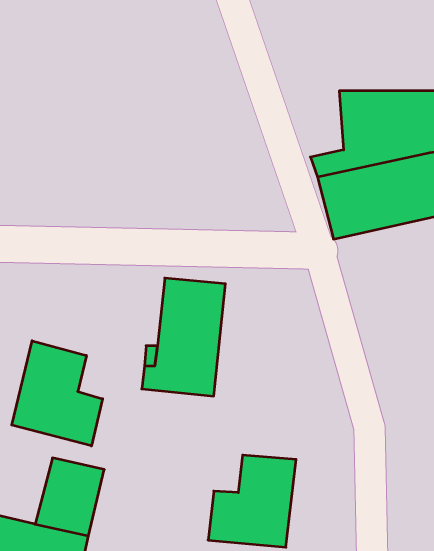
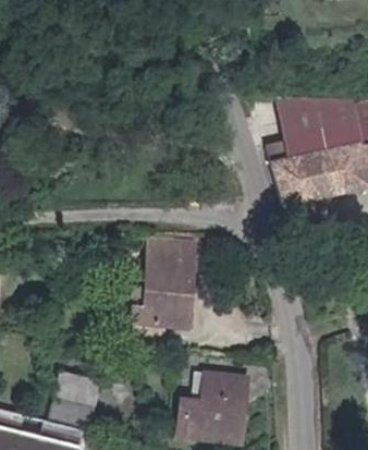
building: [12,341,103,446] -> none

